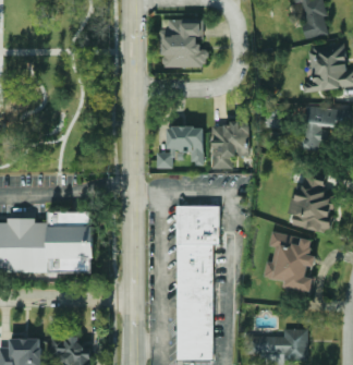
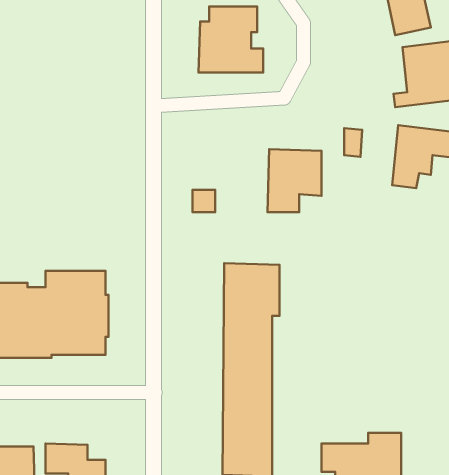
building: [166,125,204,162] -> none
building: [292,168,336,231] -> none
building: [263,230,316,292] -> none

